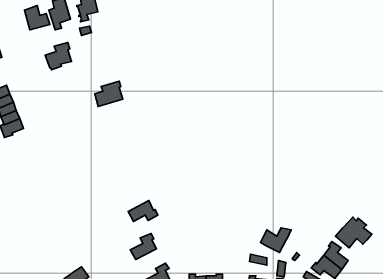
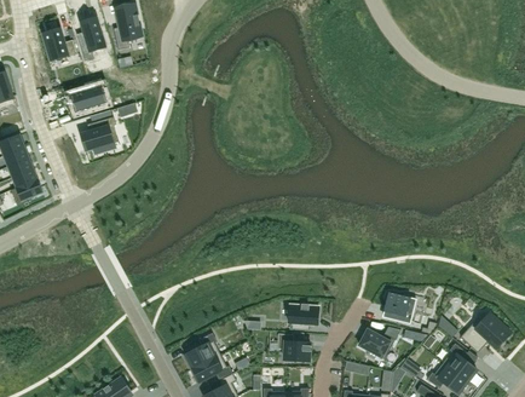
building: [95,81,123,107] -> [81,116,119,150]
building: [128,201,158,221] -> [192,353,232,381]
building: none -> [383,292,416,323]
building: none -> [289,304,319,329]
building: none -> [277,333,311,362]

